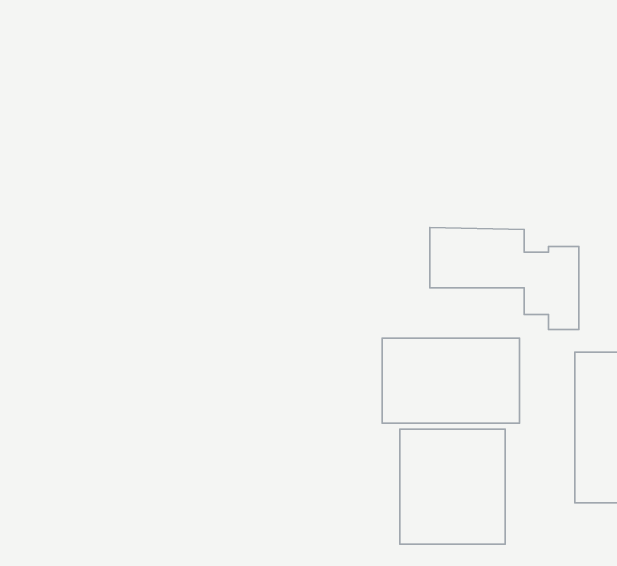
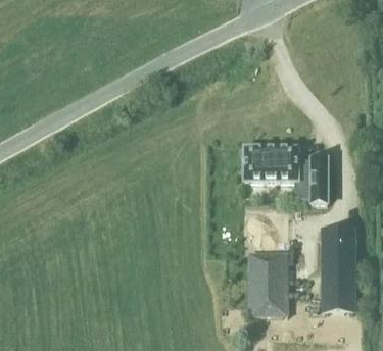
building: [382,338,520,423] -> none

